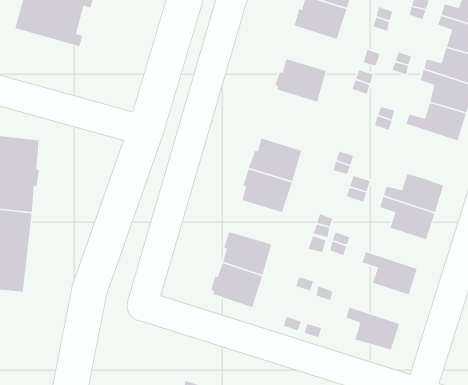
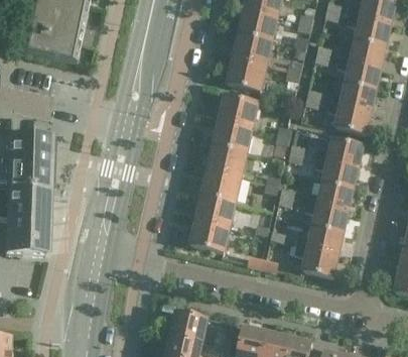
building: none -> [234,32,272,65]
building: none -> [220,95,258,127]
building: none -> [327,101,371,133]
building: none -> [200,169,241,201]
building: none -> [306,182,353,211]
building: none -> [297,225,343,254]

